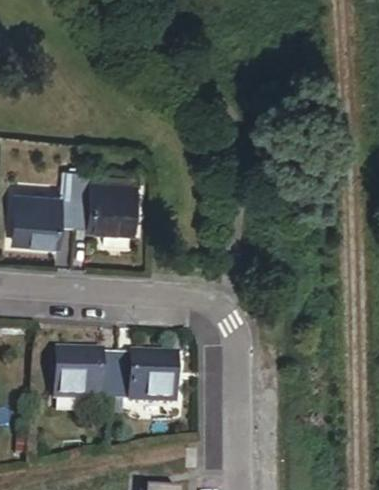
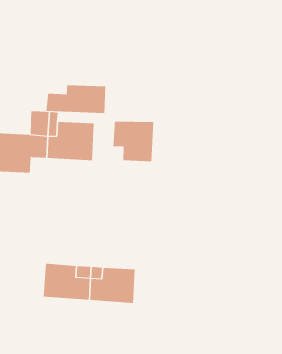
building: none -> [46,84,106,114]
building: none -> [113,121,154,162]

